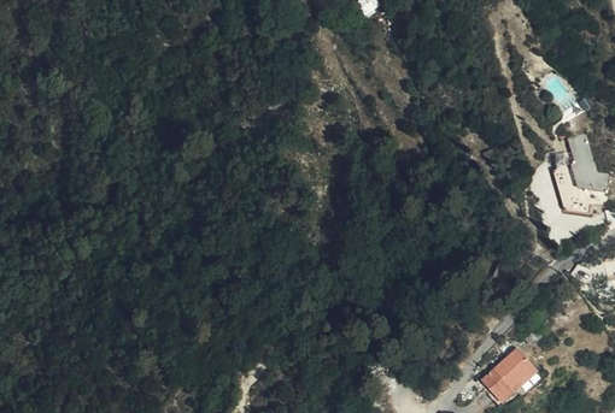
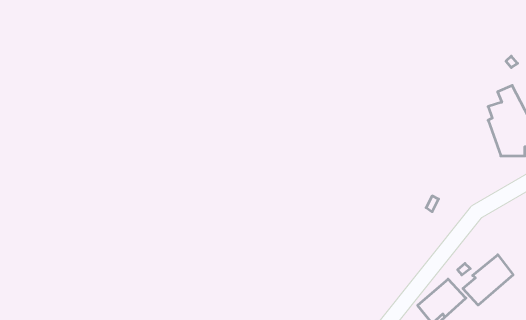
building: none -> [463,255,513,305]

